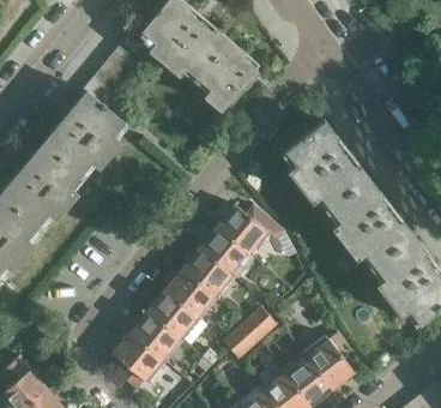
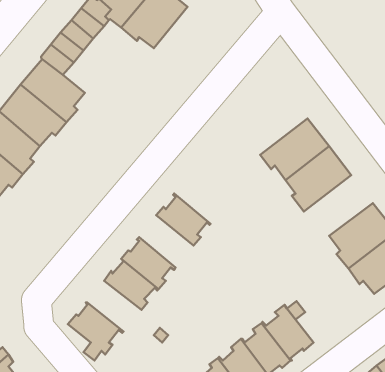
building: [195,41,259,109] -> none
building: [282,121,348,187] -> none
building: [216,204,274,256] -> none
building: [344,208,412,268] -> none
building: [181,247,235,299] -> none
building: [220,307,277,361] -> none
building: [129,312,183,362] -> none

